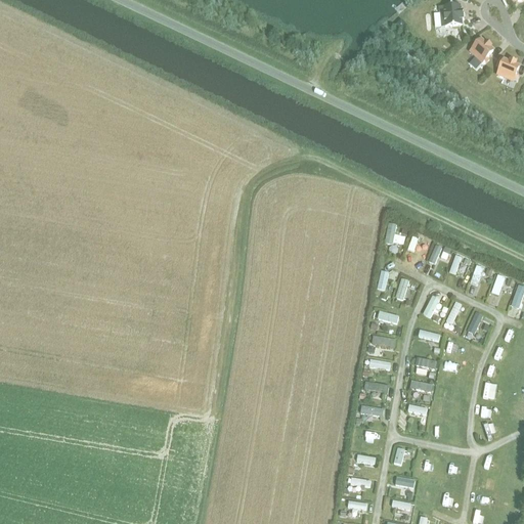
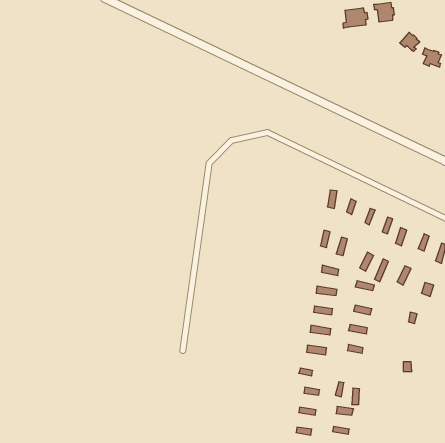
building: none -> [343,8,368,28]

